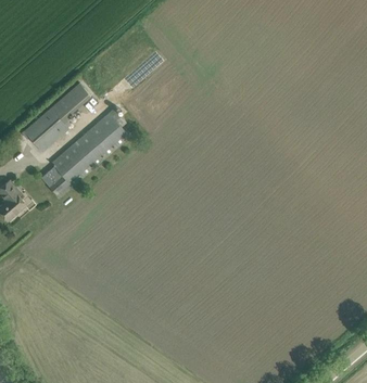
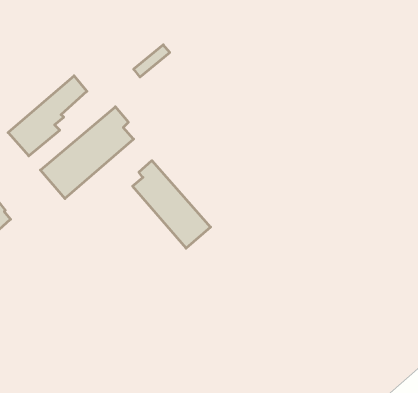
building: none -> [133,161,211,248]

